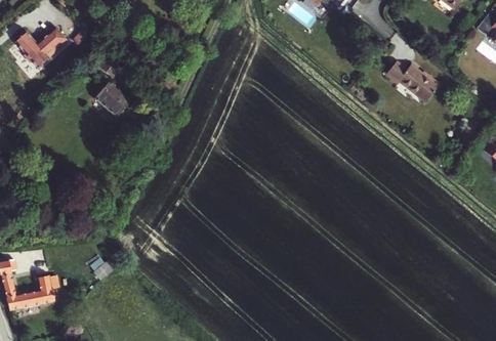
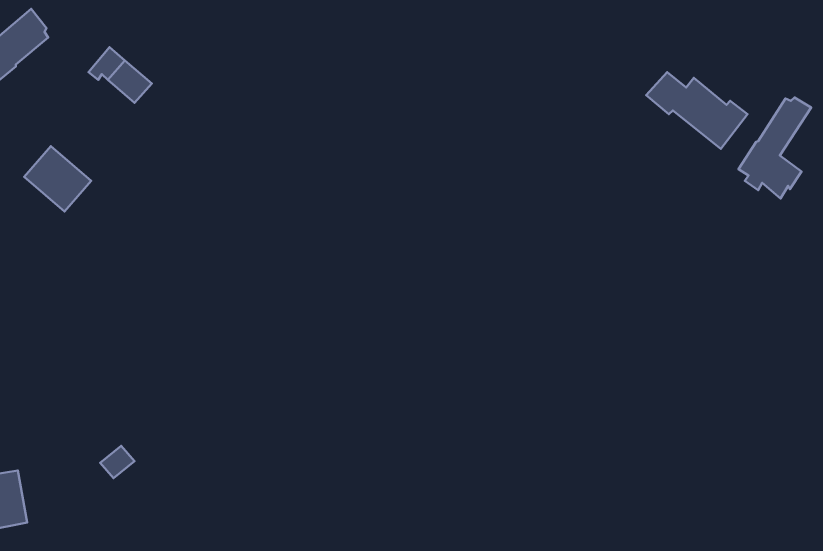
building: none -> [738,98,811,198]
building: [94,81,130,116] -> [24,146,91,211]

